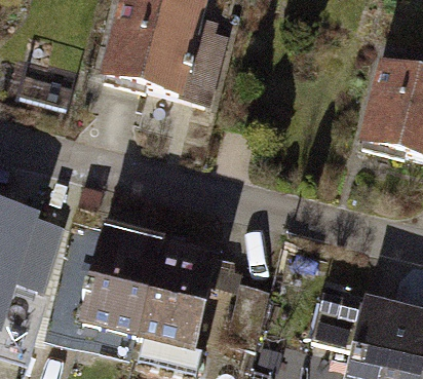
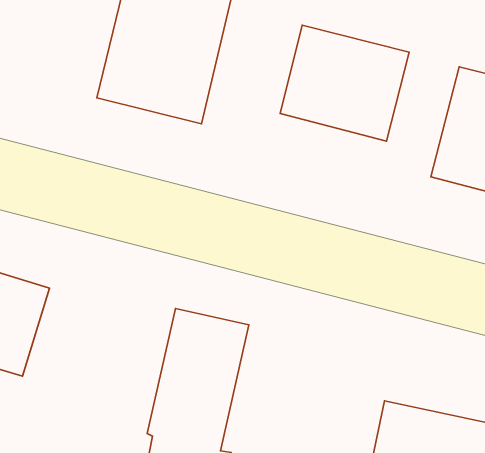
building: none -> [280,25,409,141]
building: [84,222,163,330] -> none

